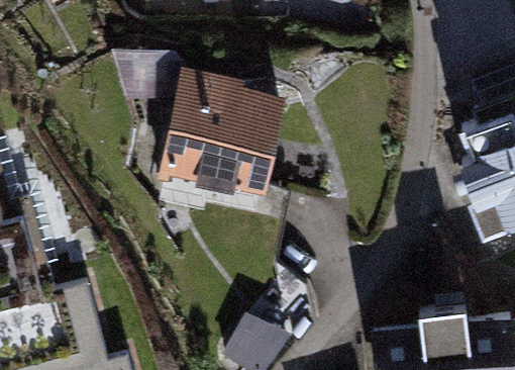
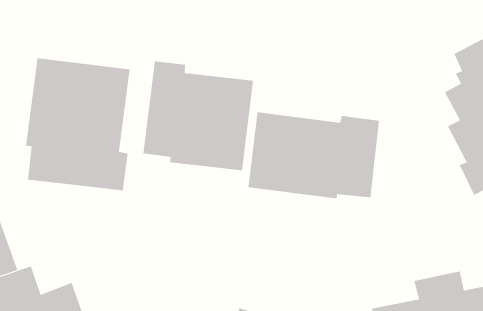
building: none -> [26,58,130,191]
building: none -> [248,112,379,199]

